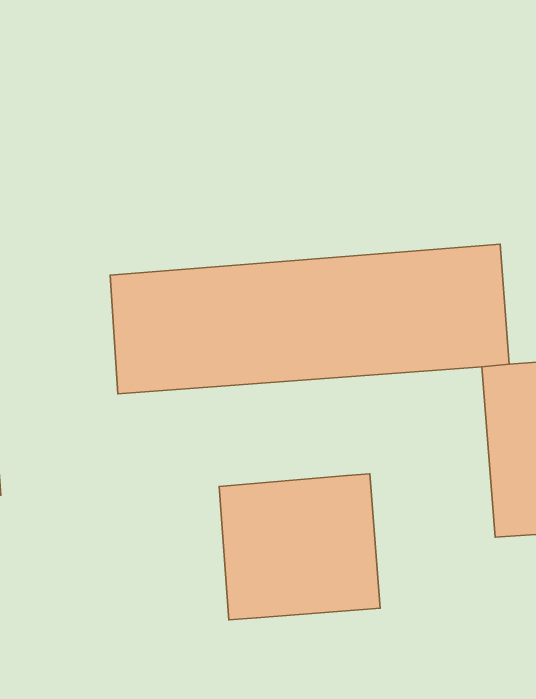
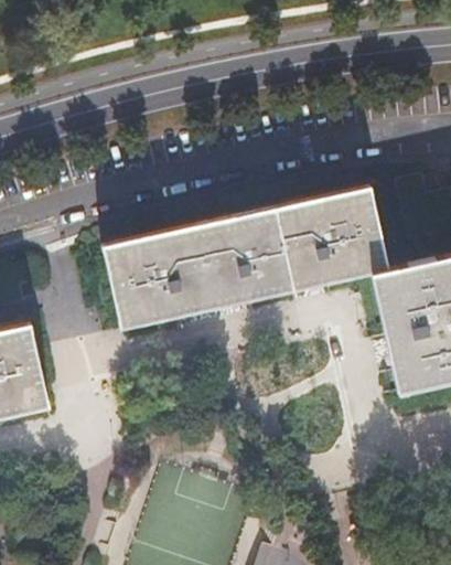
building: [219,474,380,620] -> none

